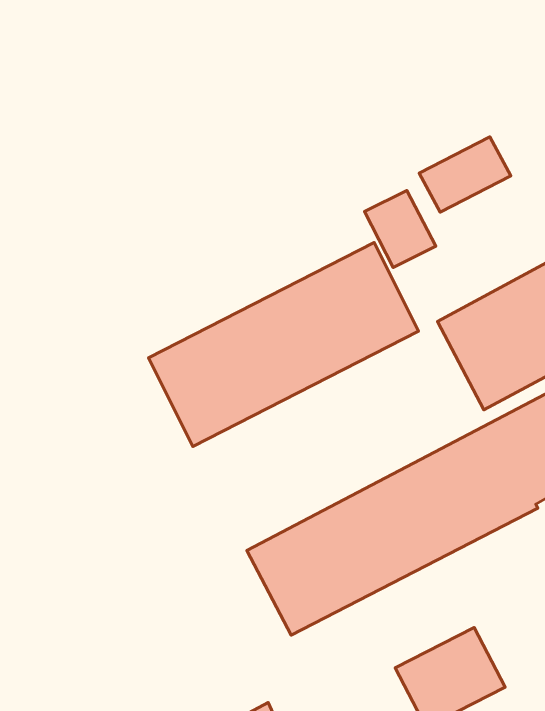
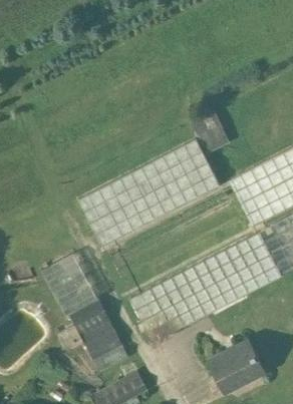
building: [419,137,511,212] -> none
building: none -> [50,257,128,371]

